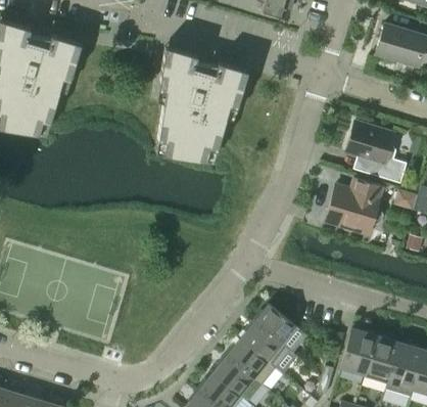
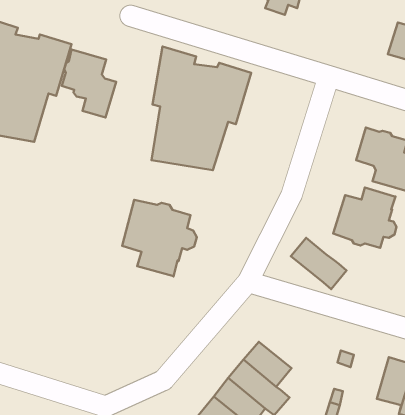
building: none -> [62,49,116,118]
building: none -> [122,200,197,277]
building: [255,305,307,353] -> [291,238,347,289]
building: [339,329,377,376] -> none

